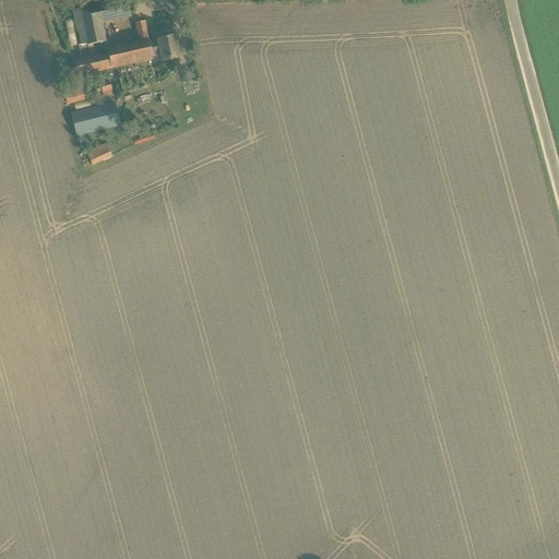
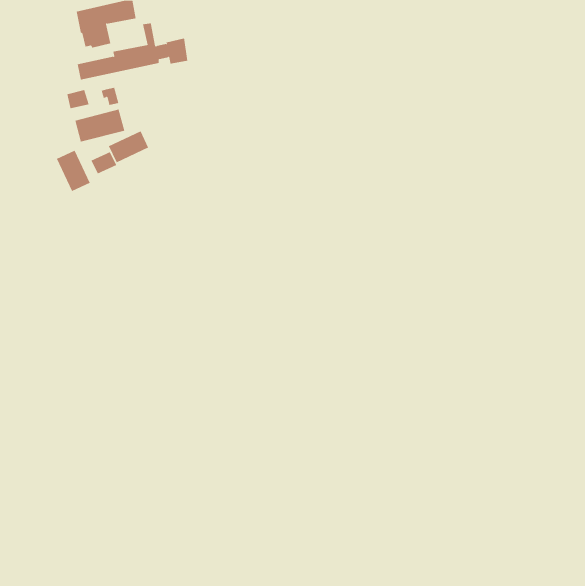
building: none -> [108,130,149,163]
building: none -> [56,150,90,192]

